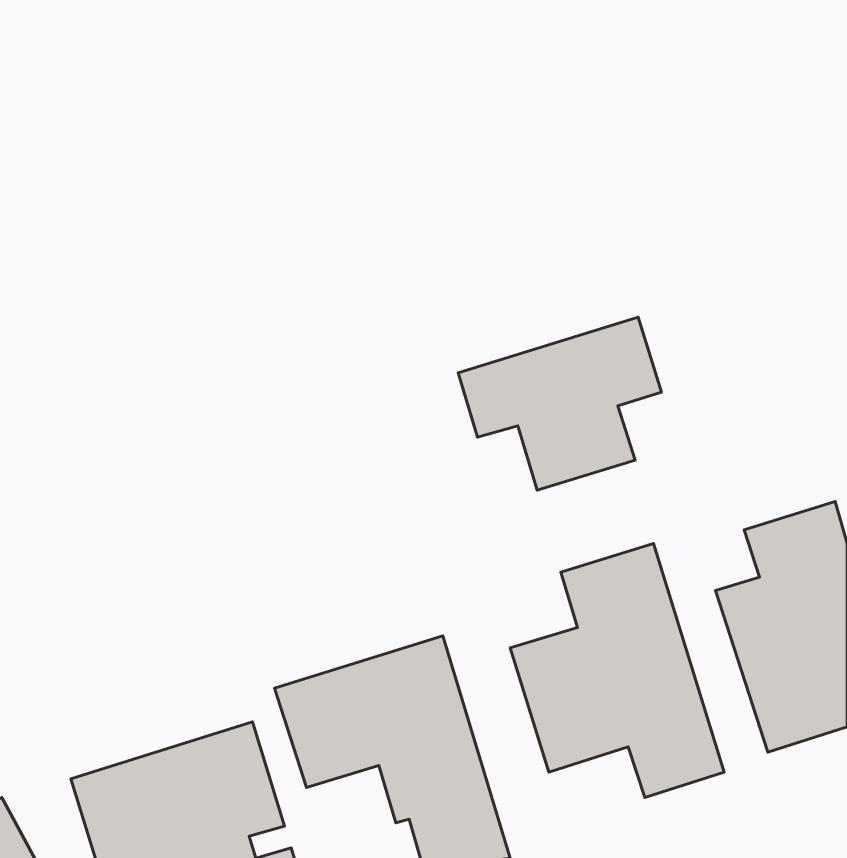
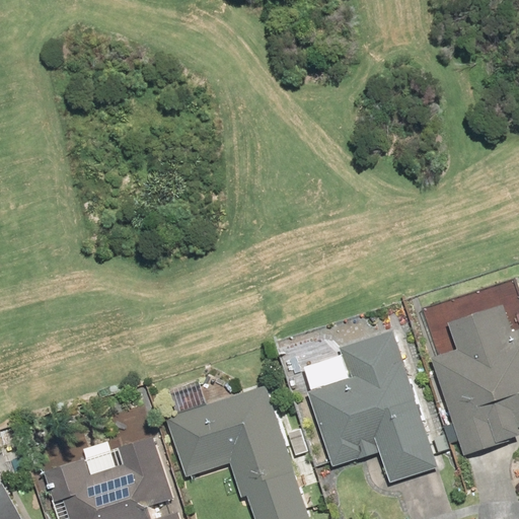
building: [458,317,661,490] -> none

